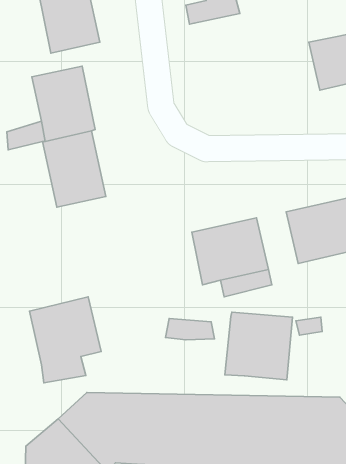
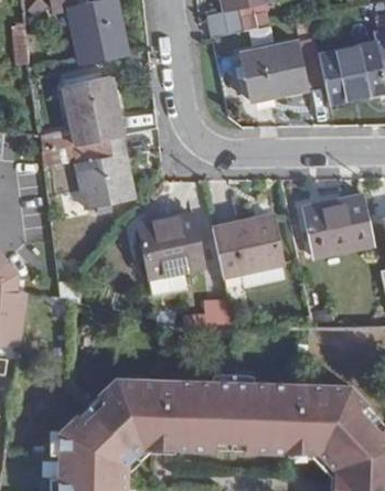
building: none -> [244,39,328,103]
building: [30,297,101,383] -> [136,215,202,295]
building: [225,312,293,380] -> none

